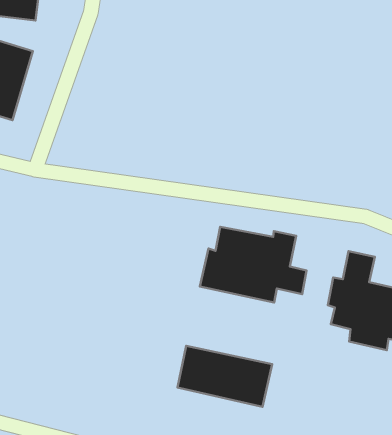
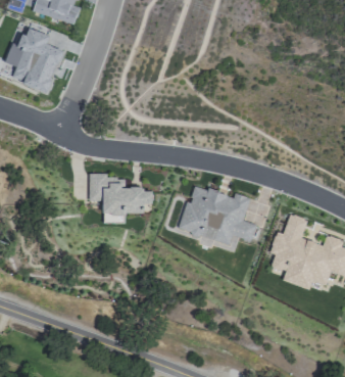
building: none -> [91,178,146,225]
building: [177,346,272,407] -> none

